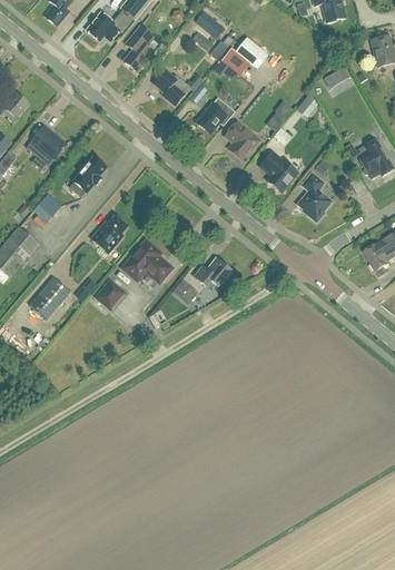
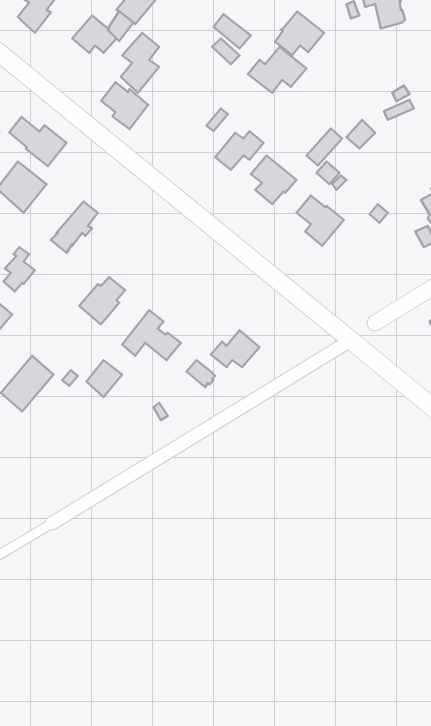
building: none -> [275,12,324,55]
building: [154,69,190,106] -> [101,82,148,129]
building: none -> [9,117,67,166]
building: [297,173,332,222] -> none

